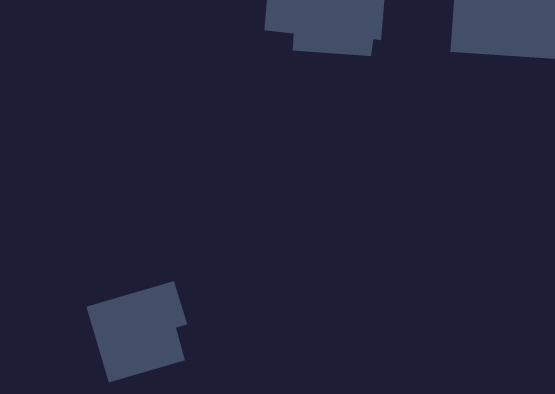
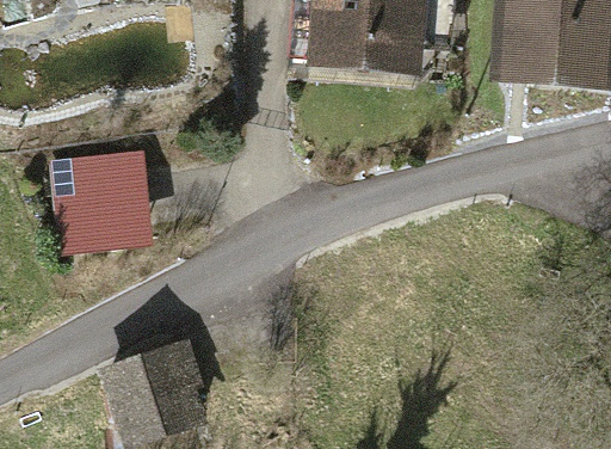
building: none -> [54,135,158,235]

